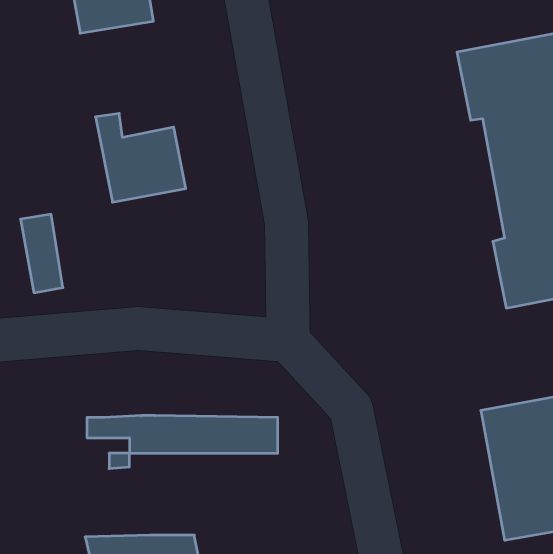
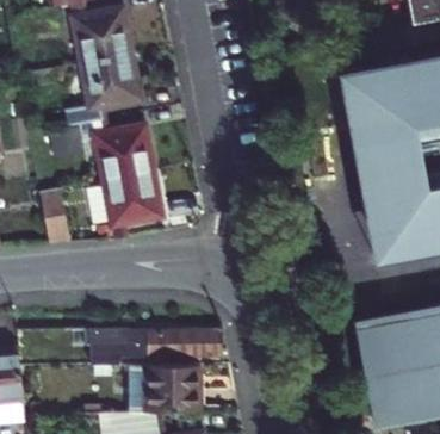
building: none -> [67,54,140,125]
building: none -> [103,170,162,241]
building: none -> [128,364,198,413]

